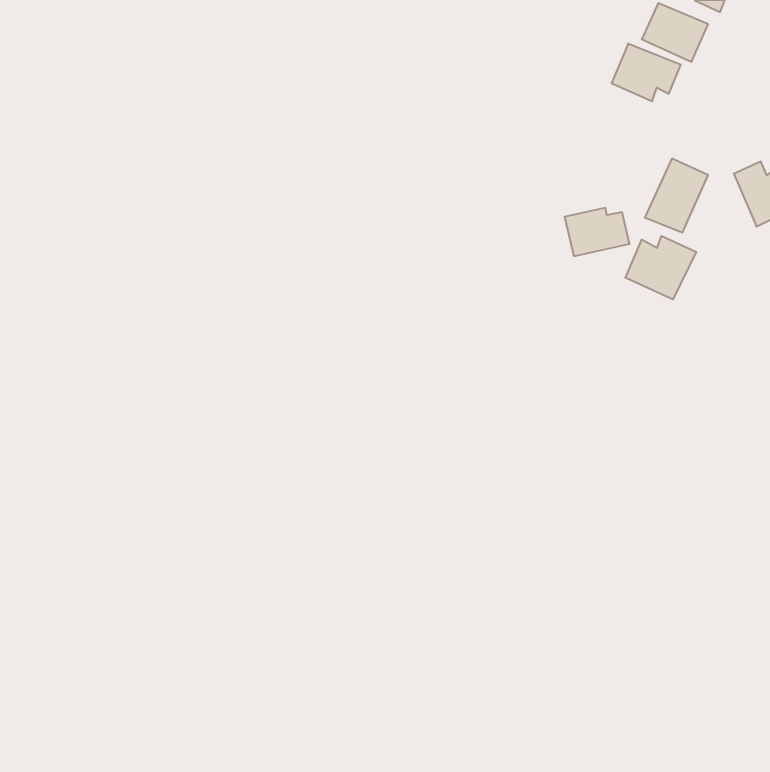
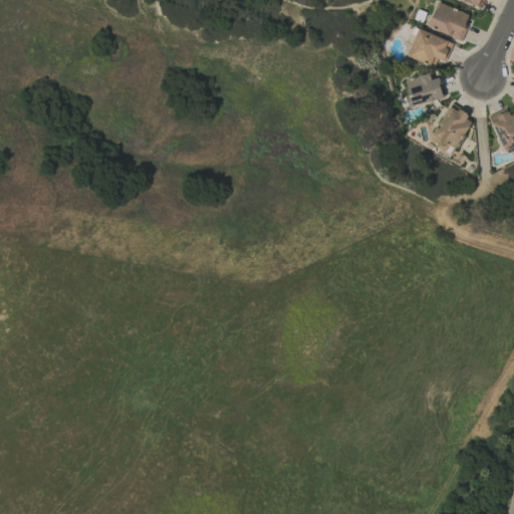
building: [565,208,630,256] -> [403,74,446,106]
building: [625,236,696,299] -> none

